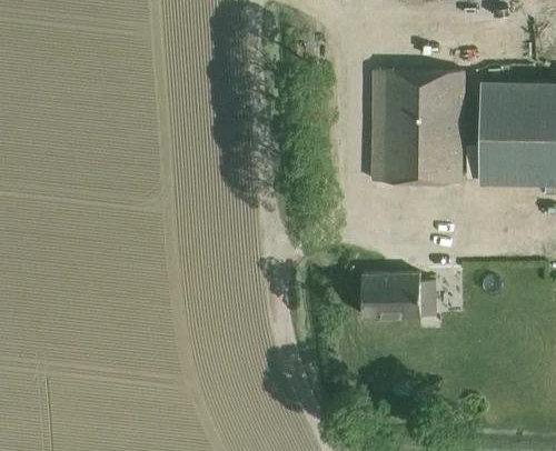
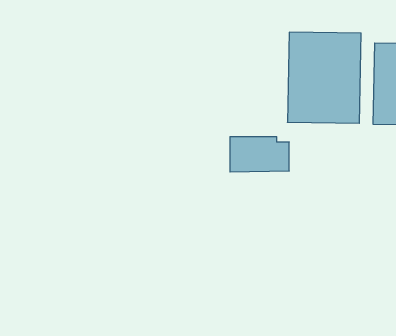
building: [363,273,436,317] -> [230,137,289,172]

